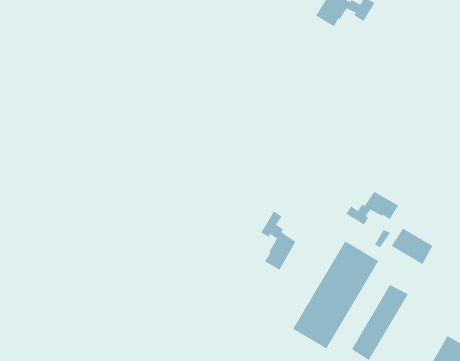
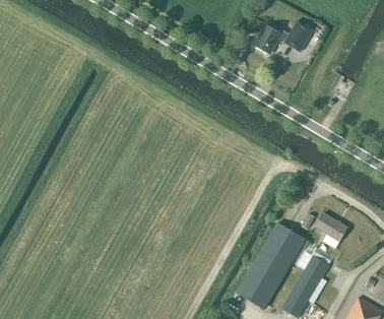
building: [345,191,399,225] -> none
building: [260,210,296,271] -> none

